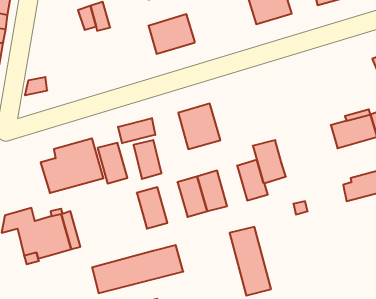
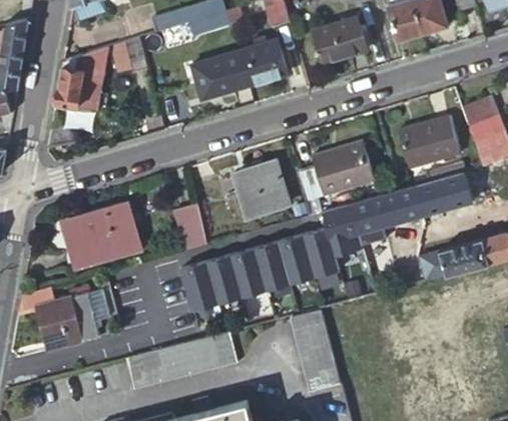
building: none -> [239,39,288,86]
building: none -> [53,48,103,112]
building: none -> [397,115,459,168]
building: none -> [293,141,372,202]
building: [118,118,155,143] -> none
building: none -> [347,186,422,234]
building: [98,143,127,184] -> [204,256,240,305]
building: none -> [277,236,313,285]

